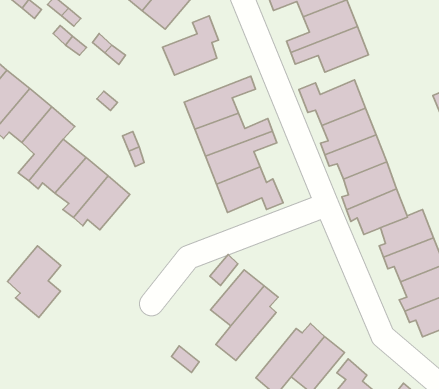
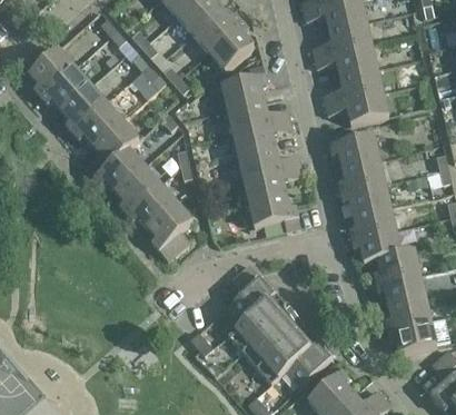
building: none -> [227,99,289,131]
building: [8,246,61,318] -> [147,200,192,259]
building: none -> [242,315,296,366]

